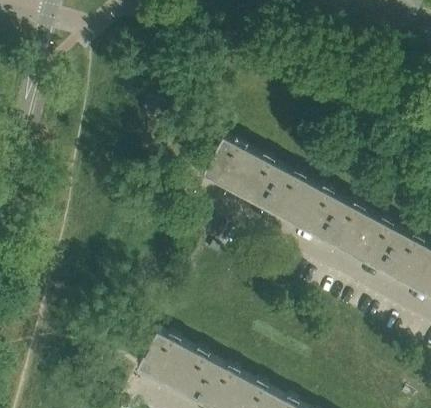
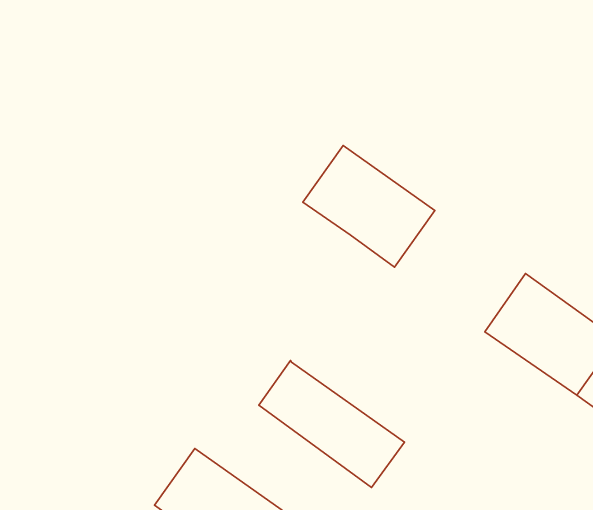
building: [264,172,343,241] -> none
building: none -> [259,361,404,487]

